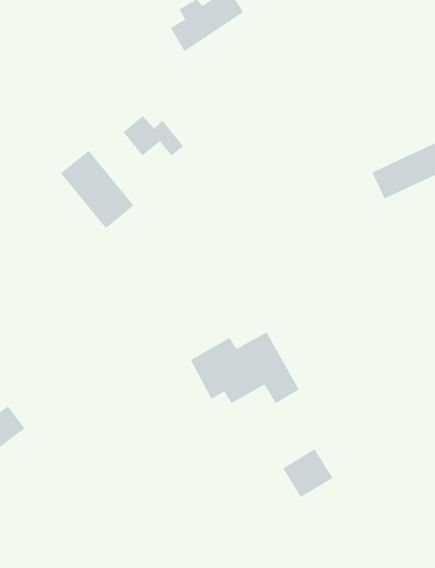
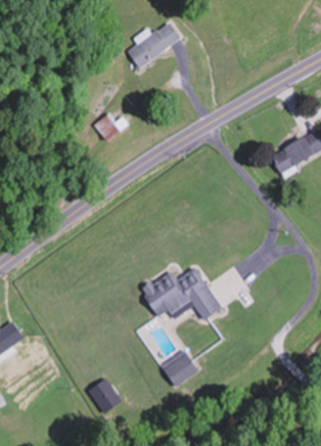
building: [60,150,135,229] -> none
building: [282,448,333,498] -> [161,349,197,385]
building: none -> [87,378,120,413]

